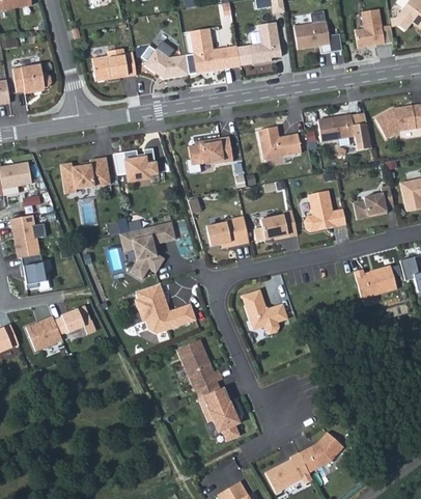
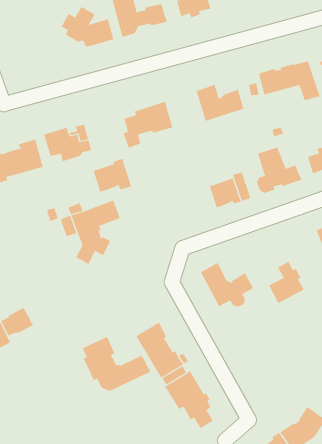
building: [92,48,136,81] -> none
building: [206,217,241,246] -> [93,158,132,192]
building: [135,282,196,333] -> [82,336,151,391]
building: none -> [268,261,305,304]

